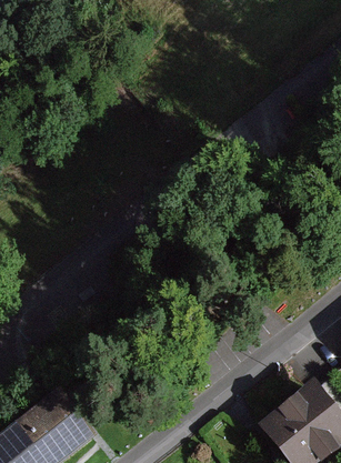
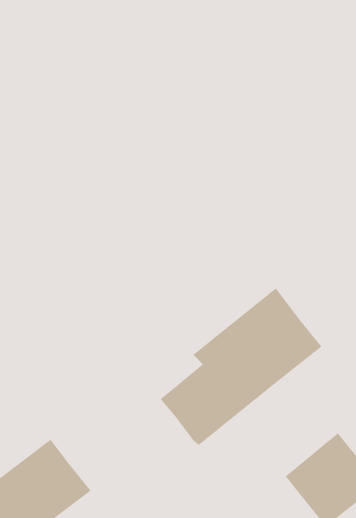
building: none -> [160,288,322,446]

